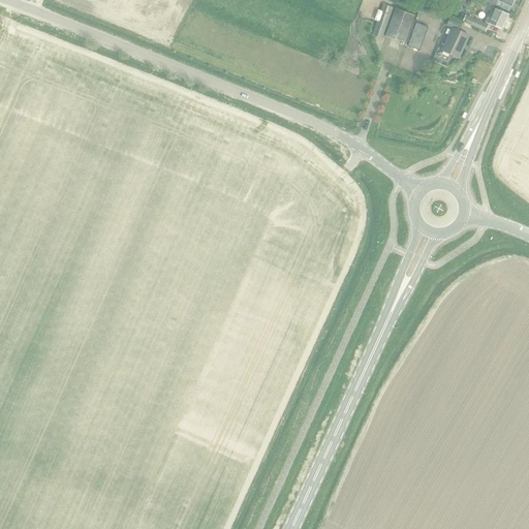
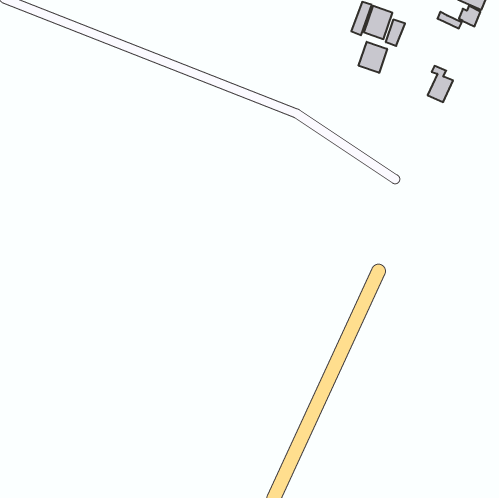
building: [441,18,468,56] -> [428,66,453,102]
building: none -> [359,42,387,73]

